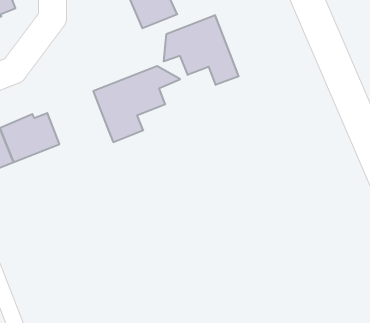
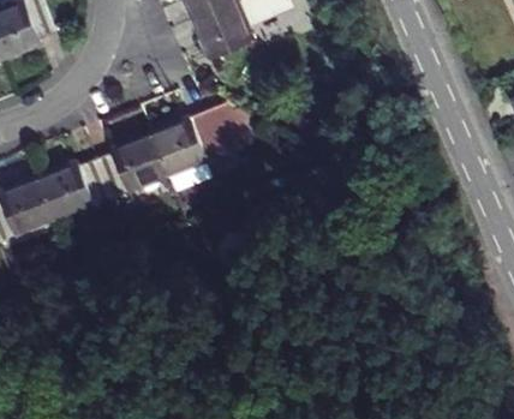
building: [164,15,239,85] -> none
building: none -> [95,133,167,198]

